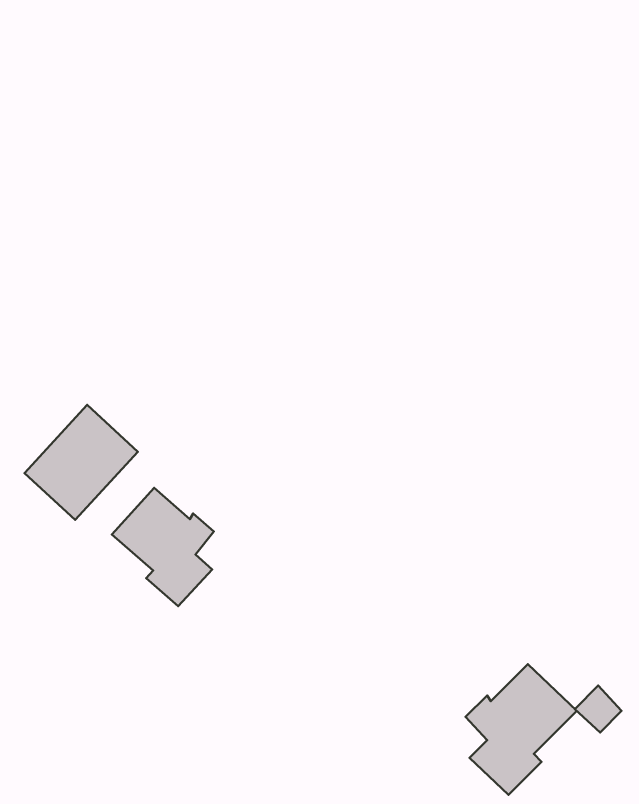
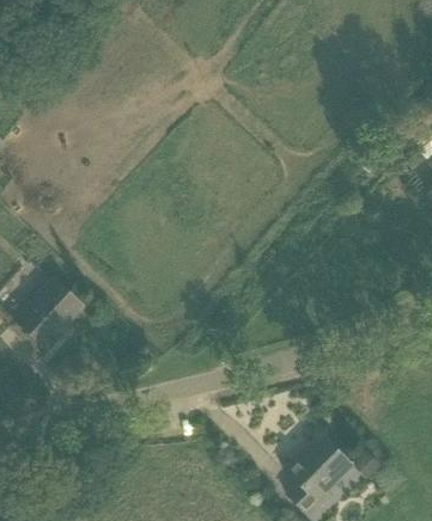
building: [112,488,214,606] -> none

